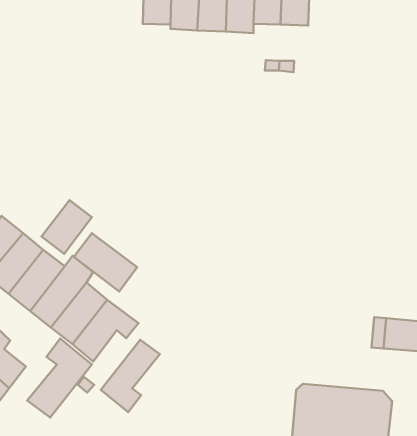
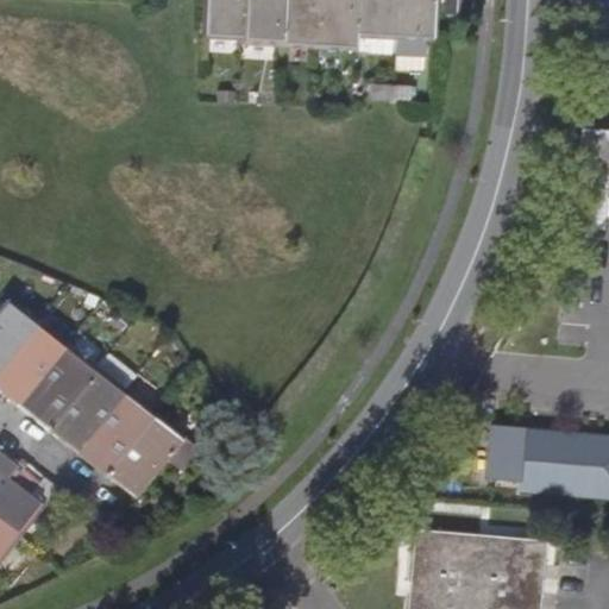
building: [41,200,92,254] -> none
building: [74,233,137,292] -> none
building: none -> [490,427,521,481]
building: [27,338,92,417] -> none
building: [101,340,160,412] -> none

